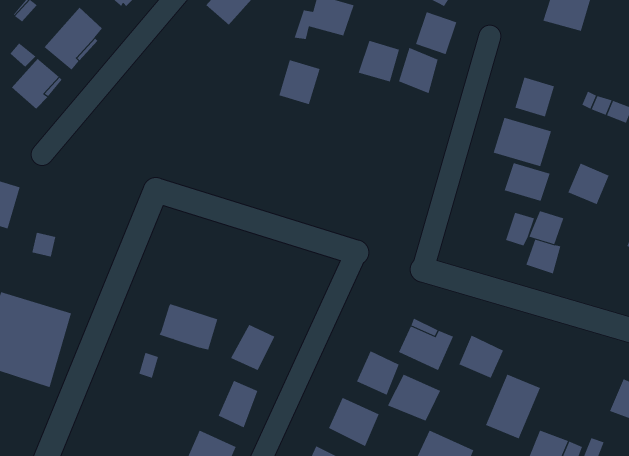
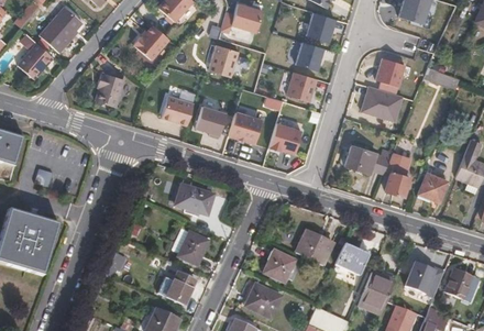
building: none -> [131,24,166,58]
building: [358,40,400,82] -> [287,71,317,101]
building: none -> [94,76,120,107]
building: none -> [163,96,195,125]
building: none -> [196,106,227,137]
building: none -> [229,111,262,143]
building: [504,163,551,201] -> [343,145,376,173]
building: [568,163,610,205] -> [417,173,447,202]
building: none -> [268,122,301,154]
building: [159,304,218,350] -> [173,181,214,214]
building: none -> [405,262,437,295]
building: [387,374,441,422] -> none

